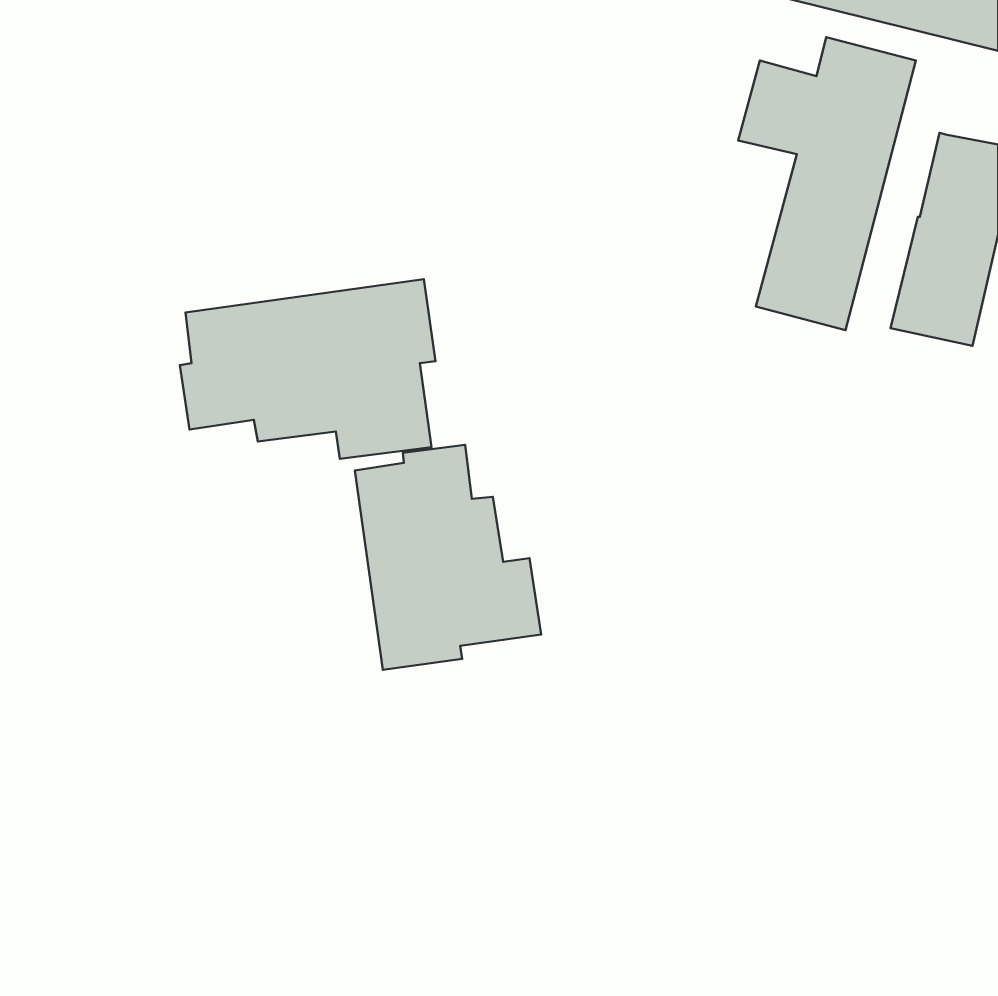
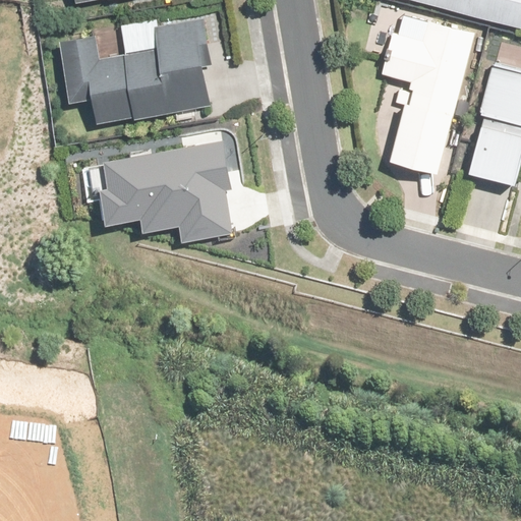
building: none -> [63,22,212,123]
building: [355,445,541,670] -> none

